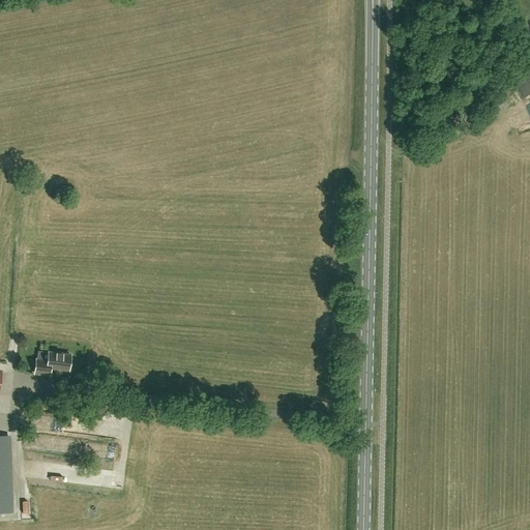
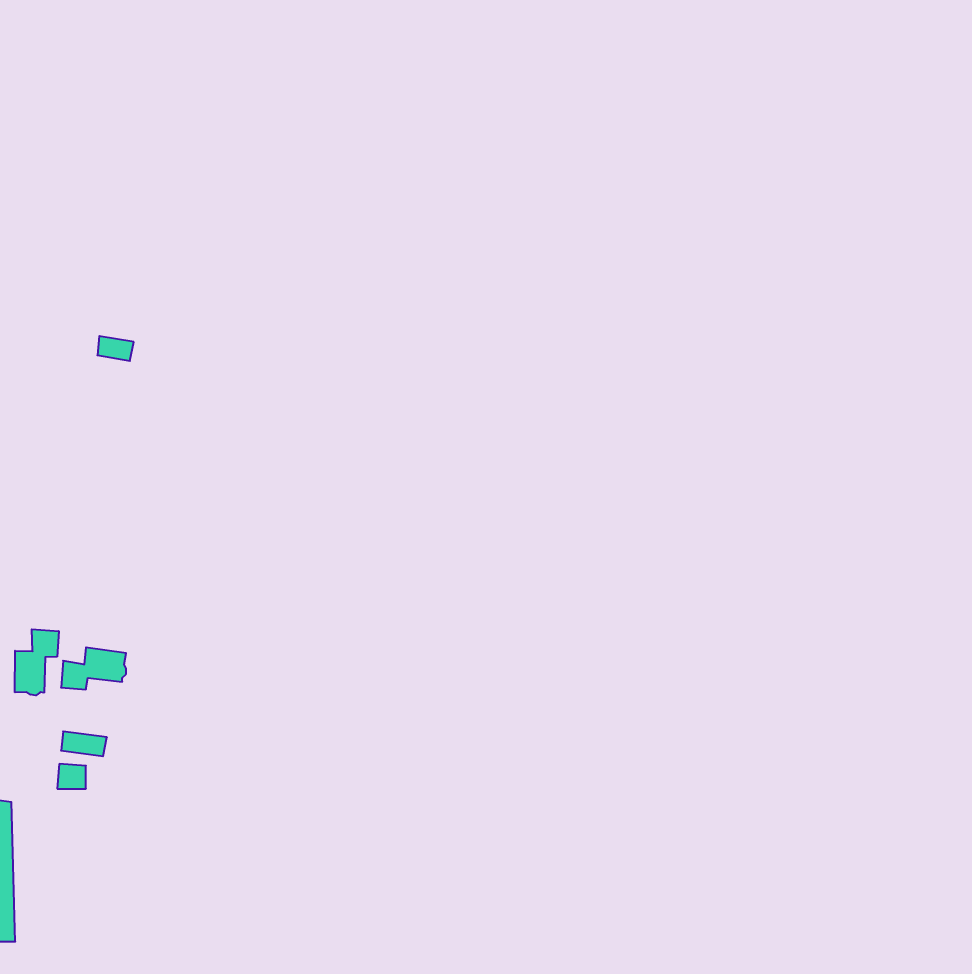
building: none -> [15,629,59,695]

